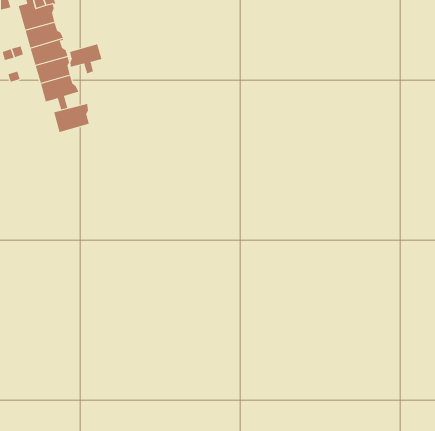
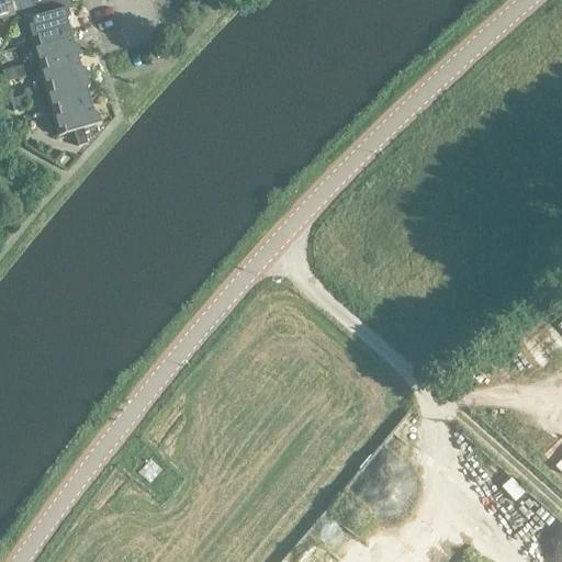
building: [69,43,102,74] -> none
building: [53,103,89,133] -> none

